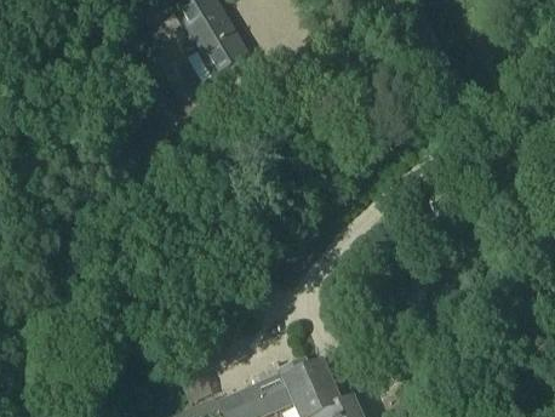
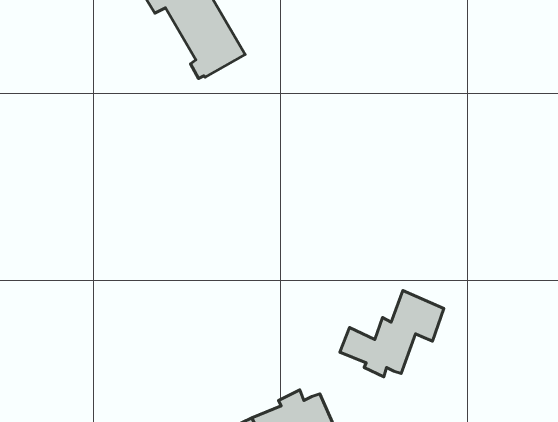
building: none -> [340,291,444,377]

